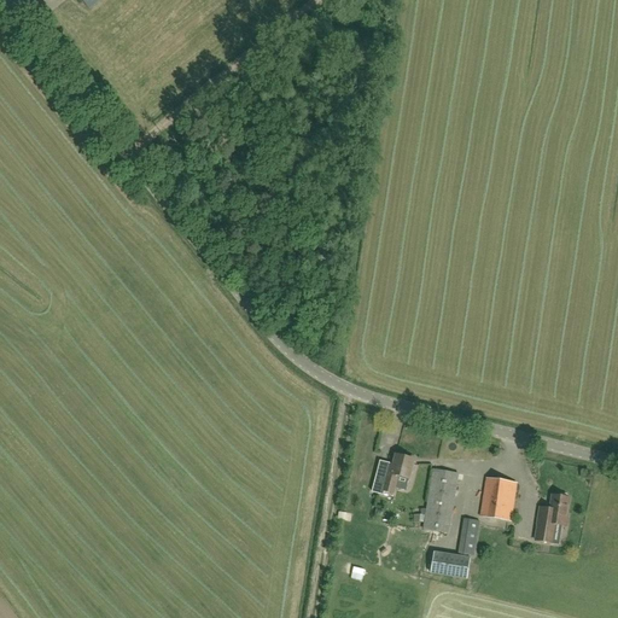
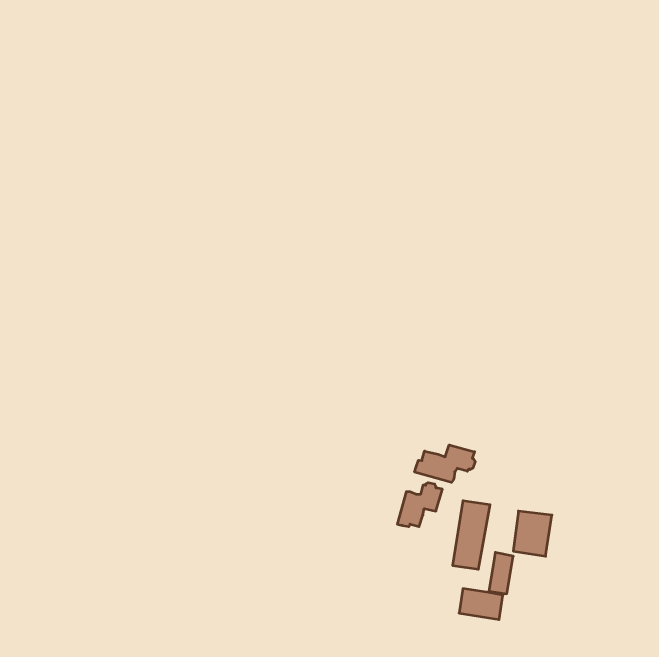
building: none -> [415,445,475,482]
building: [536,490,569,541] -> none

